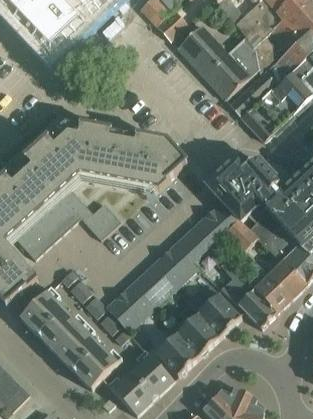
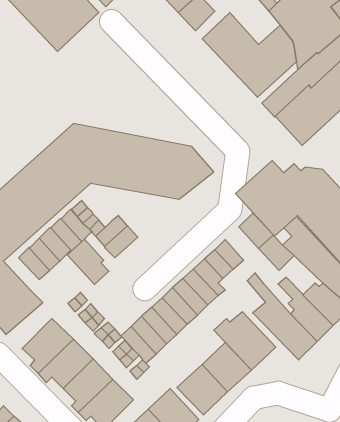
building: [197,212,231,247] -> none
building: none -> [67,239,109,284]

